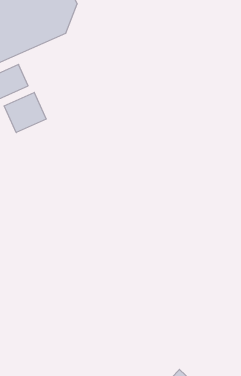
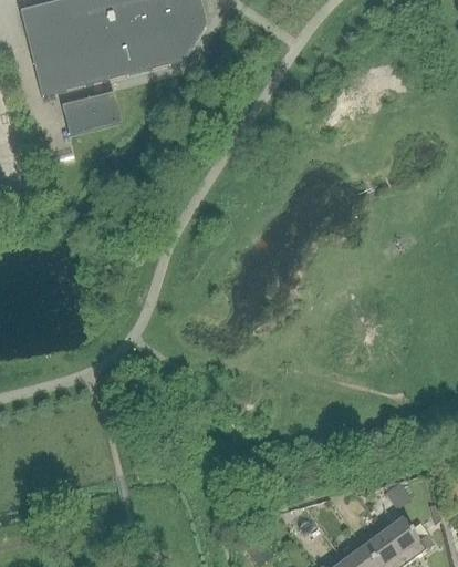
building: [4,92,46,133] -> none

